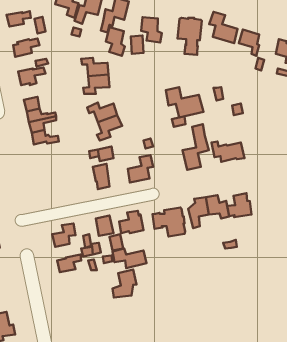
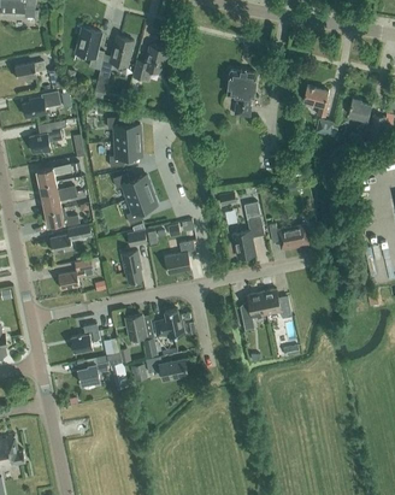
building: [209,12,237,43] -> none
building: [141,17,162,42] -> none
building: [106,27,125,56] -> none
building: [166,87,203,117] -> none
building: none -> [49,224,92,254]
building: none -> [58,259,99,290]
building: [227,193,251,217] -> none
building: [152,208,185,236] -> none
building: [113,270,137,297] -> none

